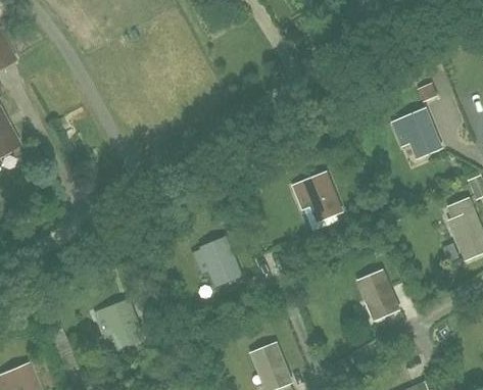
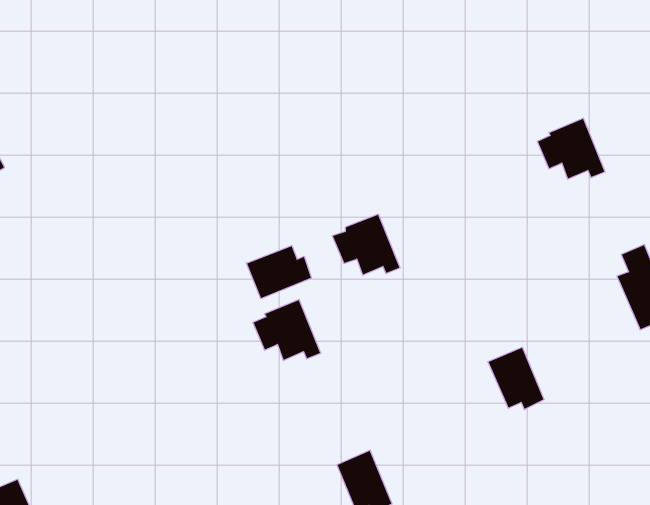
building: [293,174,341,216] -> [332,214,400,275]
building: none -> [246,246,311,299]
building: [96,301,143,343] -> none

